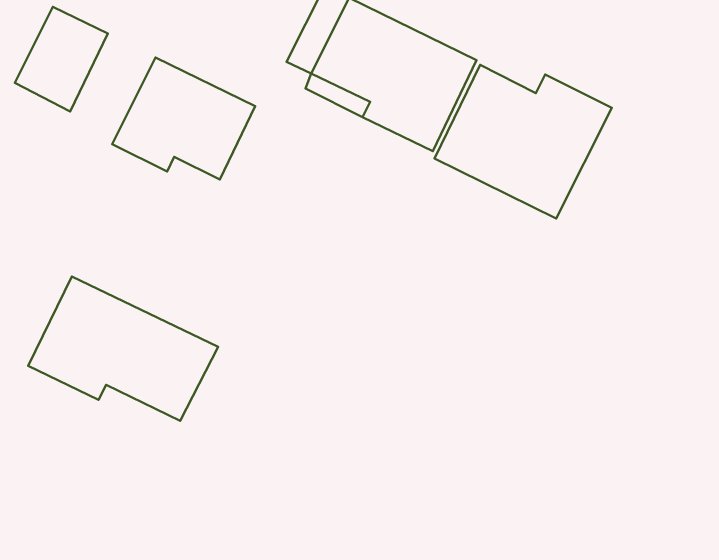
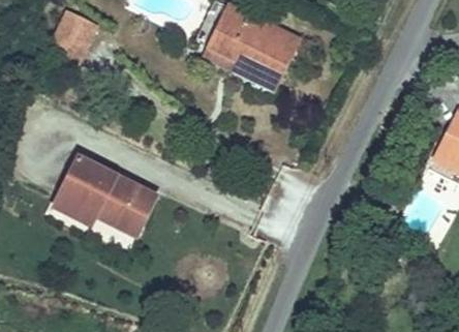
building: [112,57,255,180] -> none
building: [435,65,612,218] -> none

